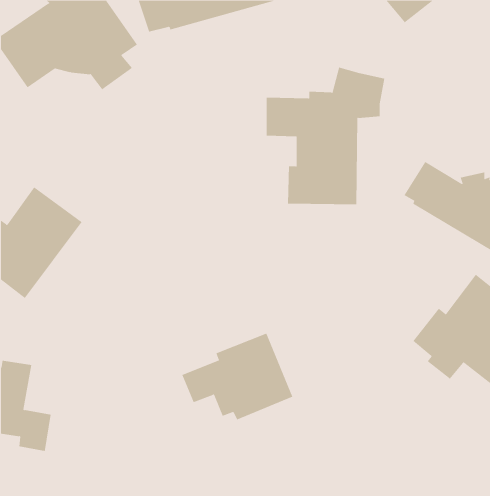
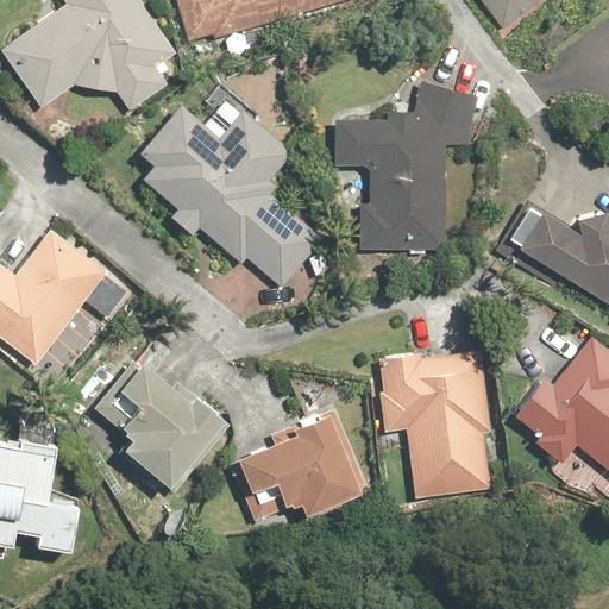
building: none -> [136,105,329,288]
building: none -> [377,351,494,497]
building: none -> [92,360,233,497]

